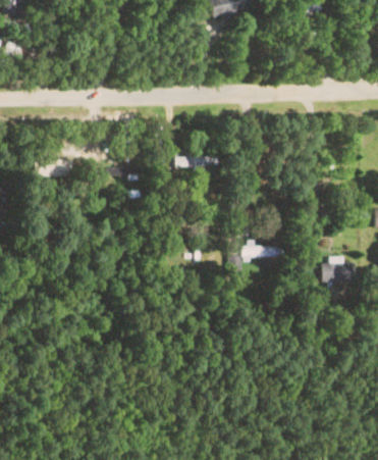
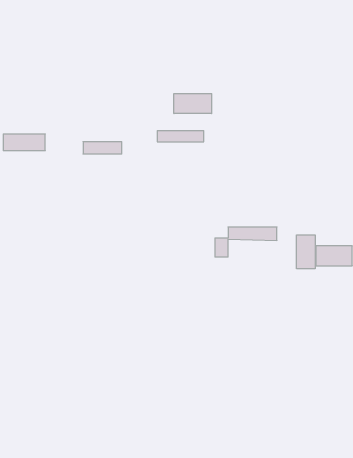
building: none -> [174,94,212,114]
building: none -> [297,235,315,269]

